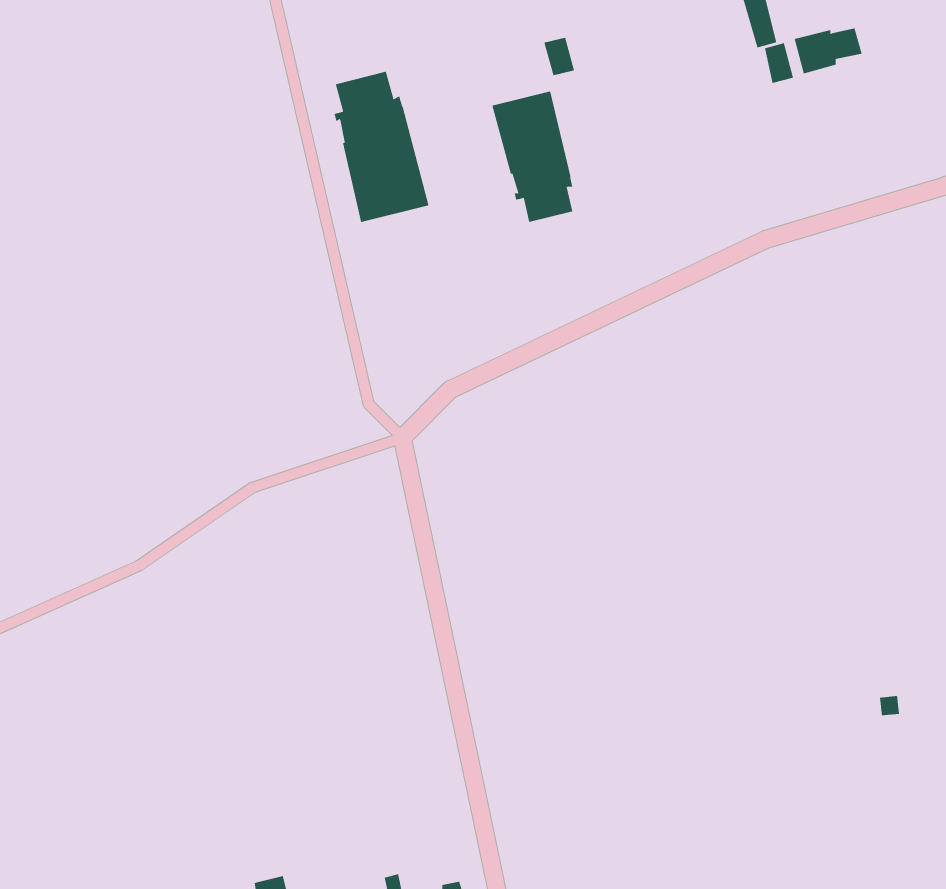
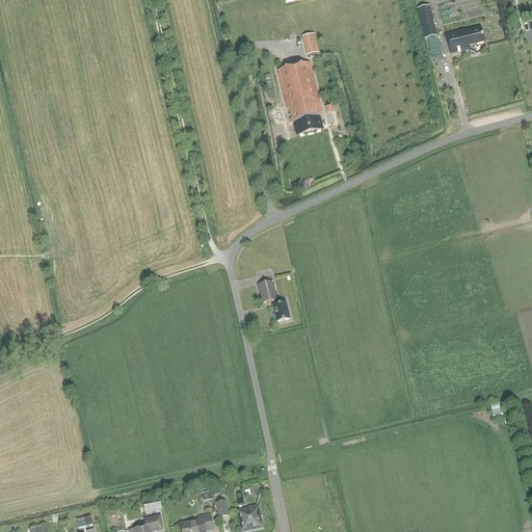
building: [334,71,429,223] -> none
building: none -> [258,278,289,320]

